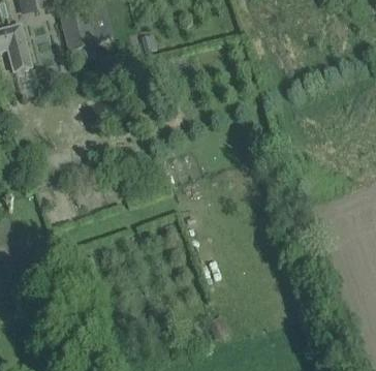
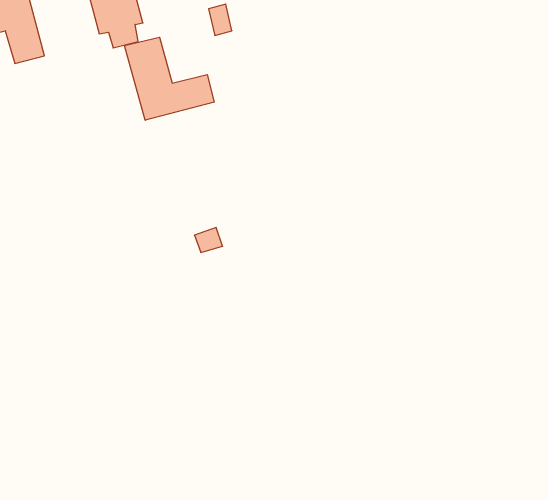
building: none -> [125,37,214,120]

